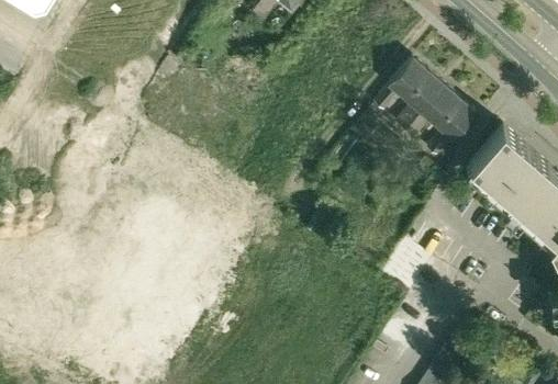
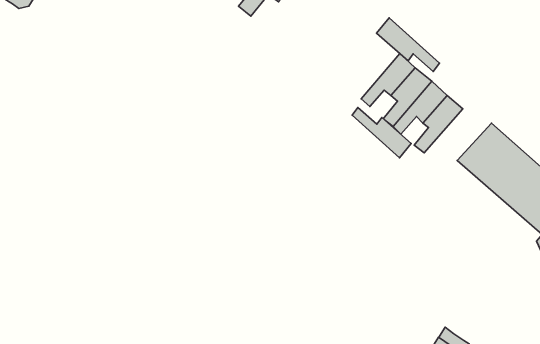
building: none -> [377,18,439,71]
building: none -> [352,107,411,158]

